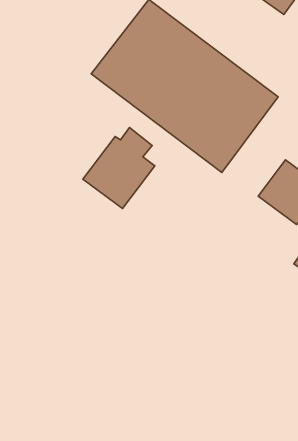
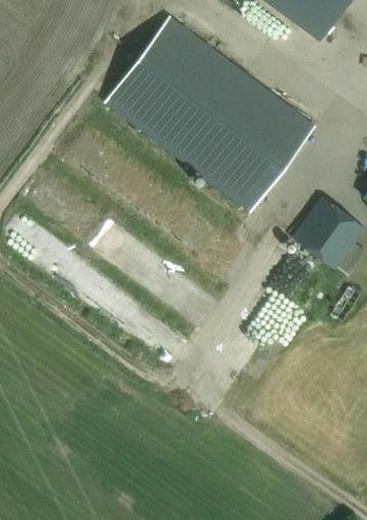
building: [83,128,155,209] -> none

